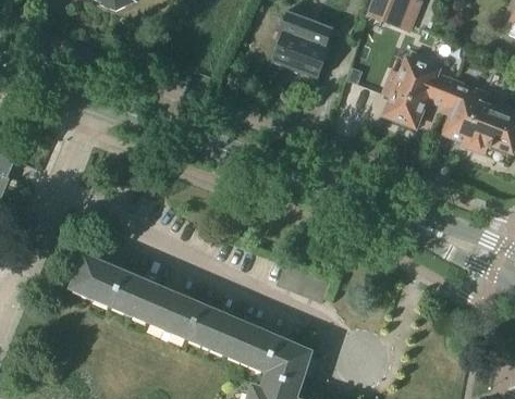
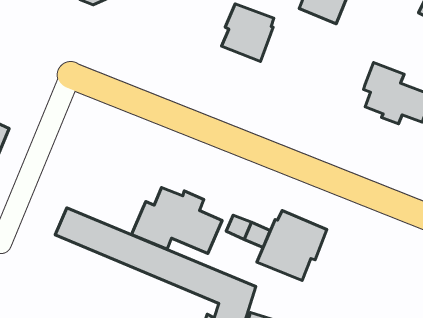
building: [383,53,454,127] -> none
building: none -> [132,187,222,254]
building: none -> [257,210,327,280]

